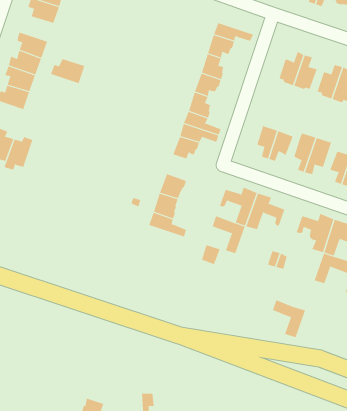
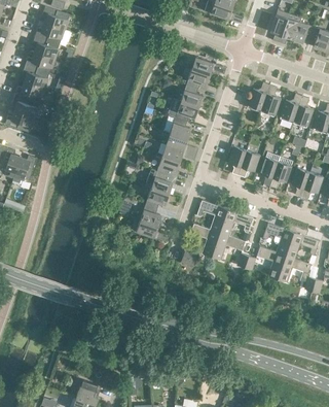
building: [50,59,85,84] -> [25,53,54,74]
building: none -> [145,169,172,194]
building: none -> [211,233,245,260]
building: [272,299,306,338] -> [257,246,286,279]

